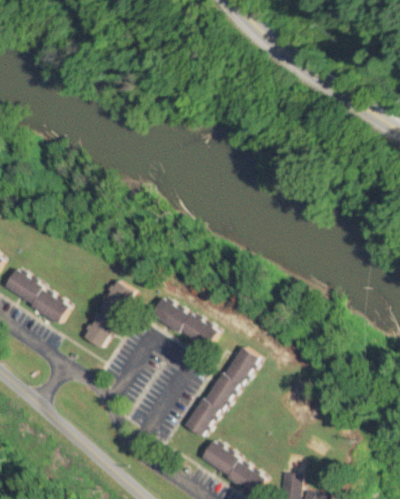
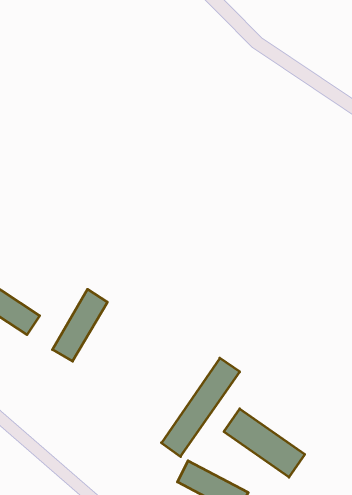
building: [153,300,217,347] -> none
building: none -> [224,409,305,477]

